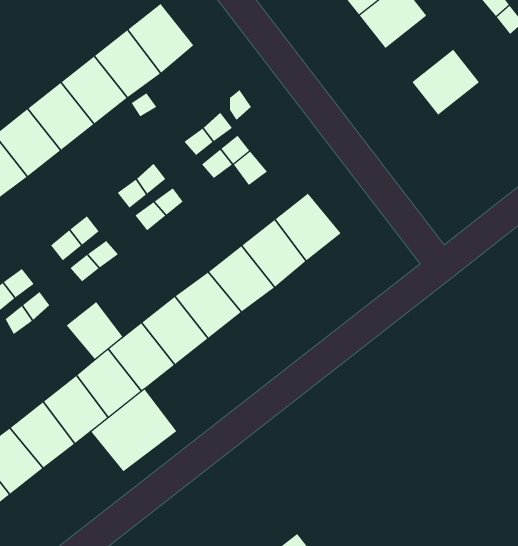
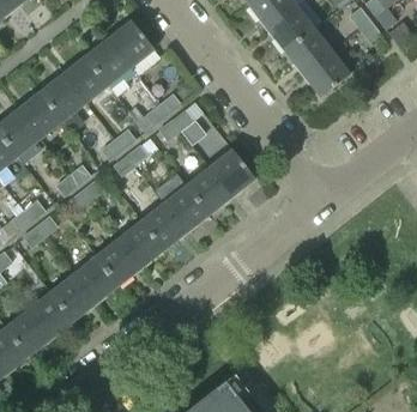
building: none -> [284,29,331,74]
building: [66,301,123,360] -> none
building: [90,389,177,472] -> none

